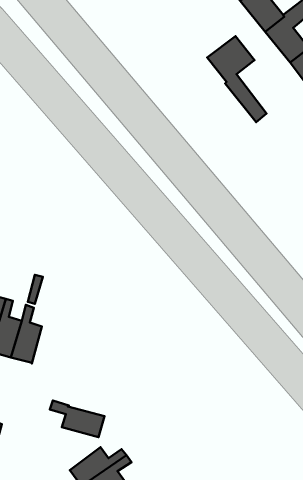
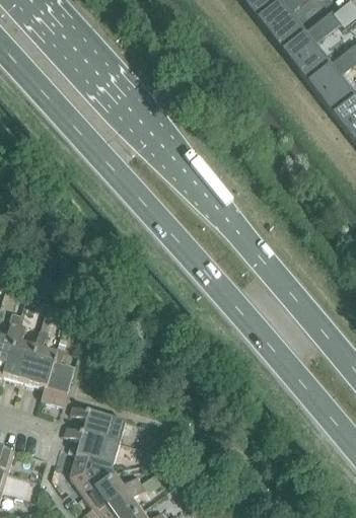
building: [207,36,266,122] -> none
building: none -> [43,346,77,405]
building: none -> [72,403,128,441]
building: none -> [72,452,118,496]

